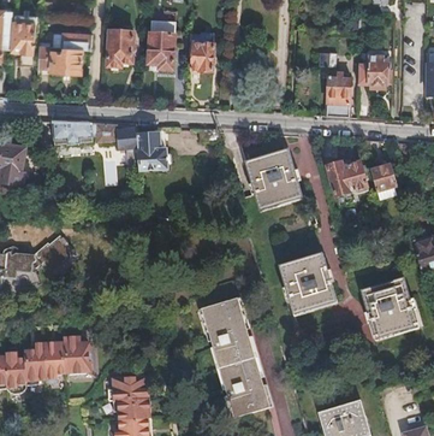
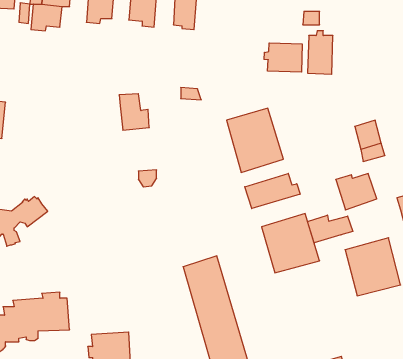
building: [358,55,385,83] -> none
building: none -> [264,43,302,72]
building: [53,120,138,148] -> none
building: [322,154,363,190] -> [336,174,377,210]
building: none -> [245,173,300,209]
building: none -> [308,215,353,243]

